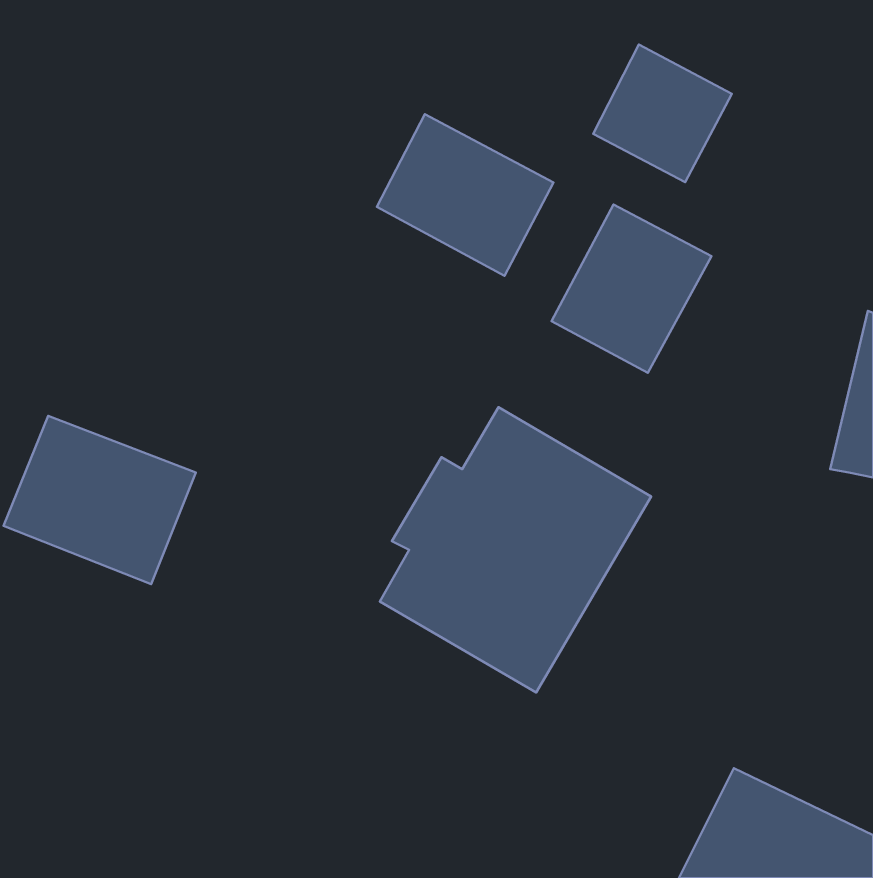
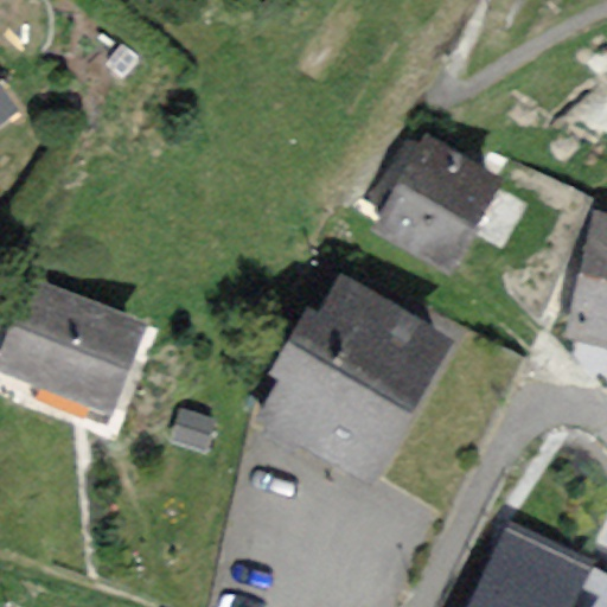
building: [593,44,732,182] -> none
building: [377,114,554,276] -> none

